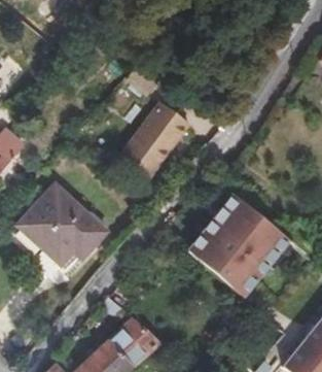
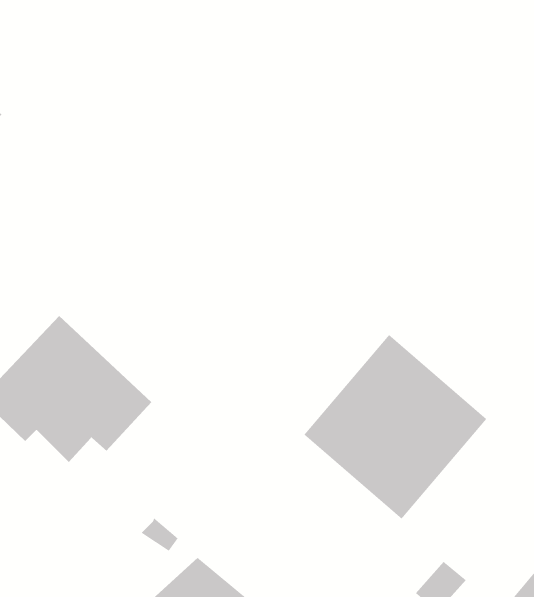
building: [118,104,188,179] -> none

